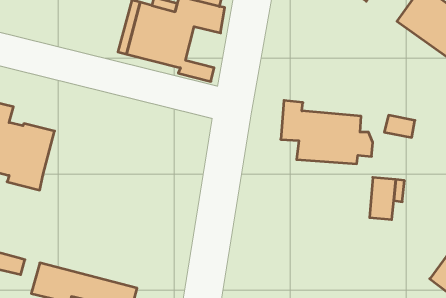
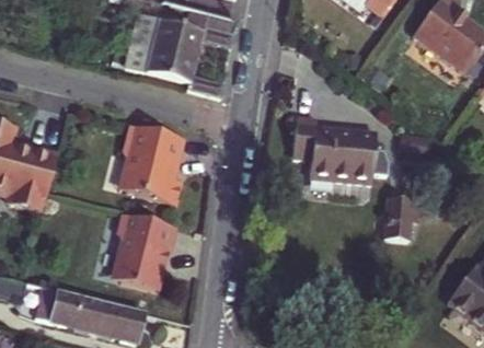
building: none -> [122,127,183,205]
building: none -> [114,214,174,291]

